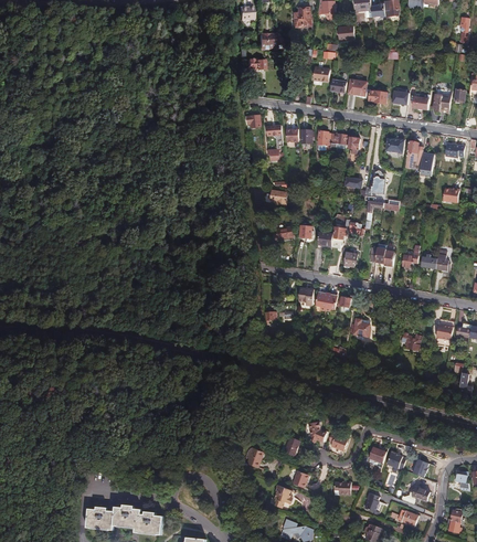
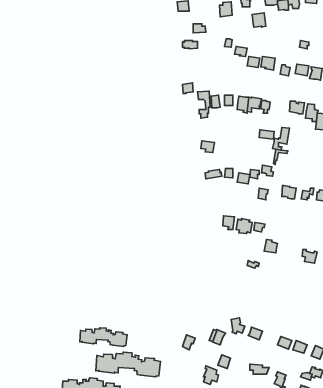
building: none -> [80,328,127,346]
building: none -> [96,352,161,377]

